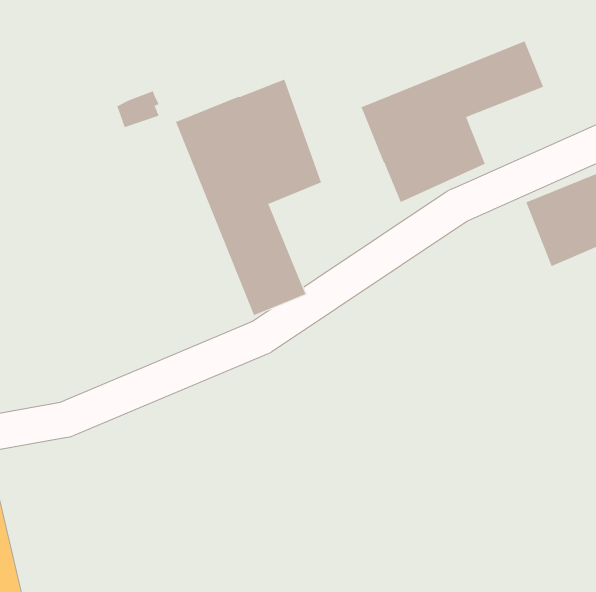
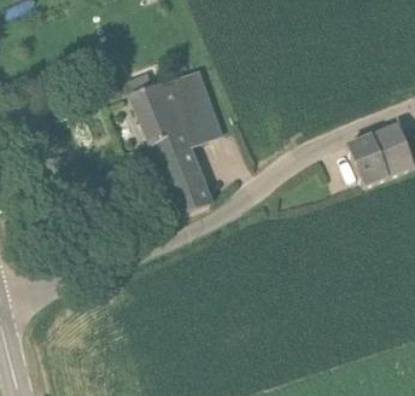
building: [361,40,544,203] -> none

